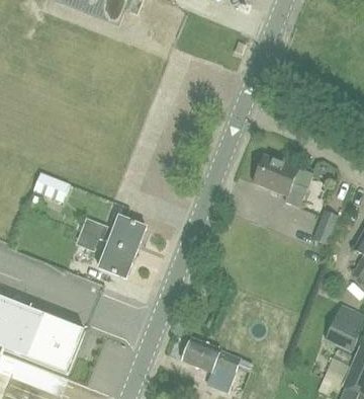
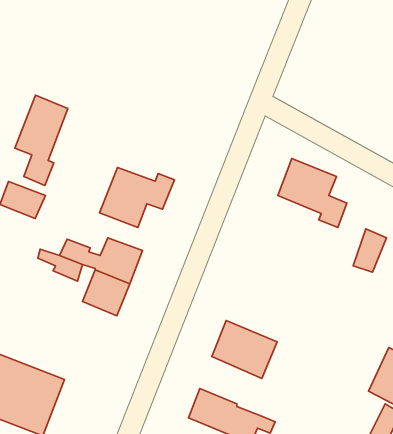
building: none -> [15,95,68,185]
building: none -> [100,167,175,227]
building: none -> [212,321,277,378]

